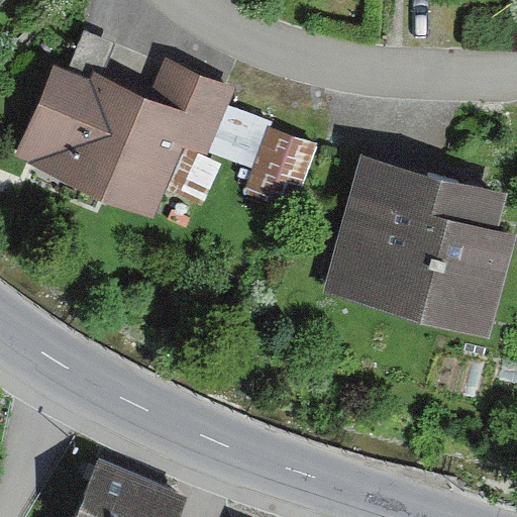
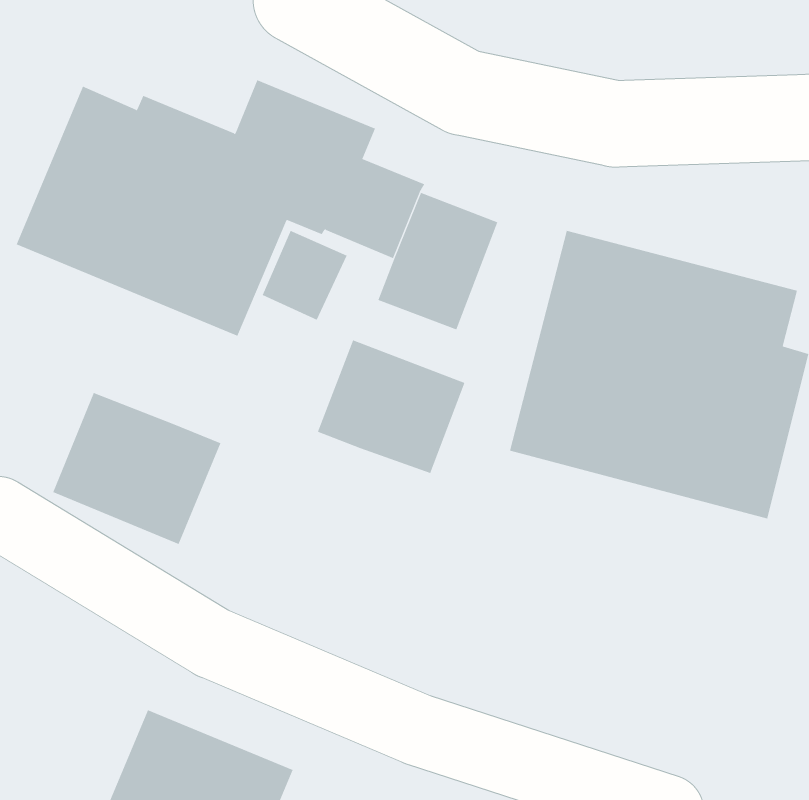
building: none -> [317,339,465,474]
building: none -> [53,392,221,545]

